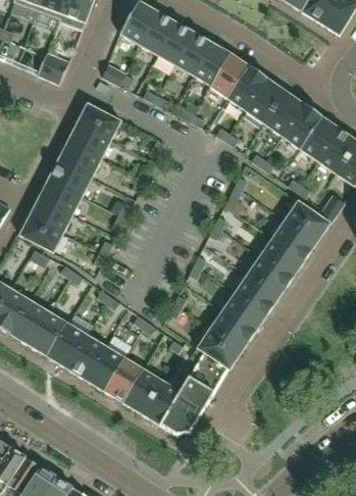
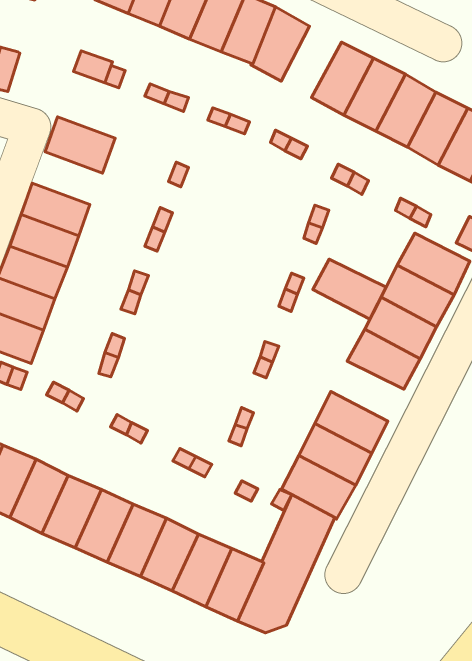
building: [227,66,267,110] -> none
building: [67,123,111,159] -> none
building: [235,275,279,314] -> [313,259,386,319]

